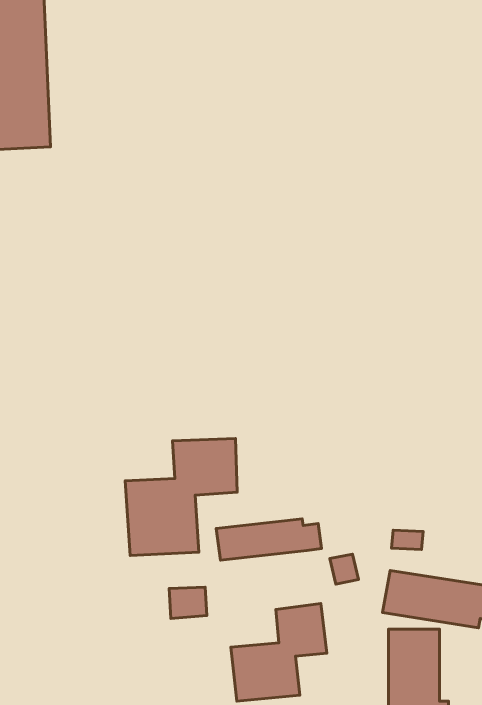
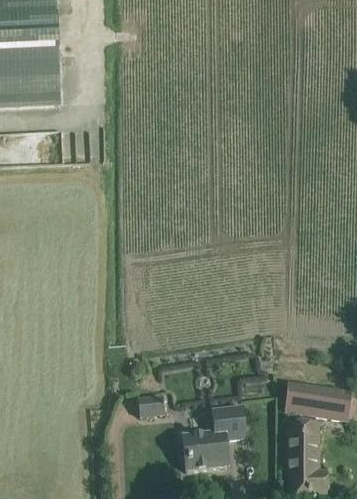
building: [125,438,237,556] -> none
building: [216,519,322,560] -> none

